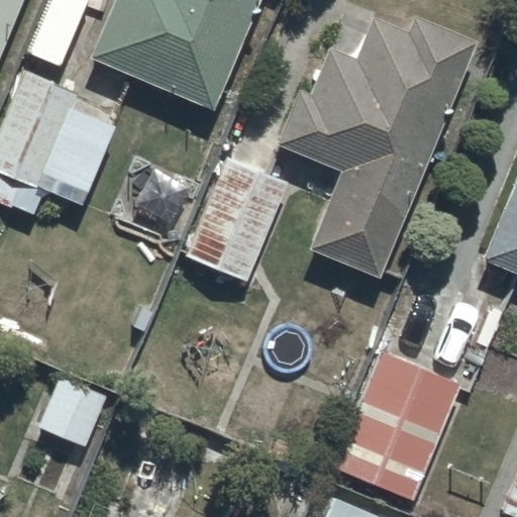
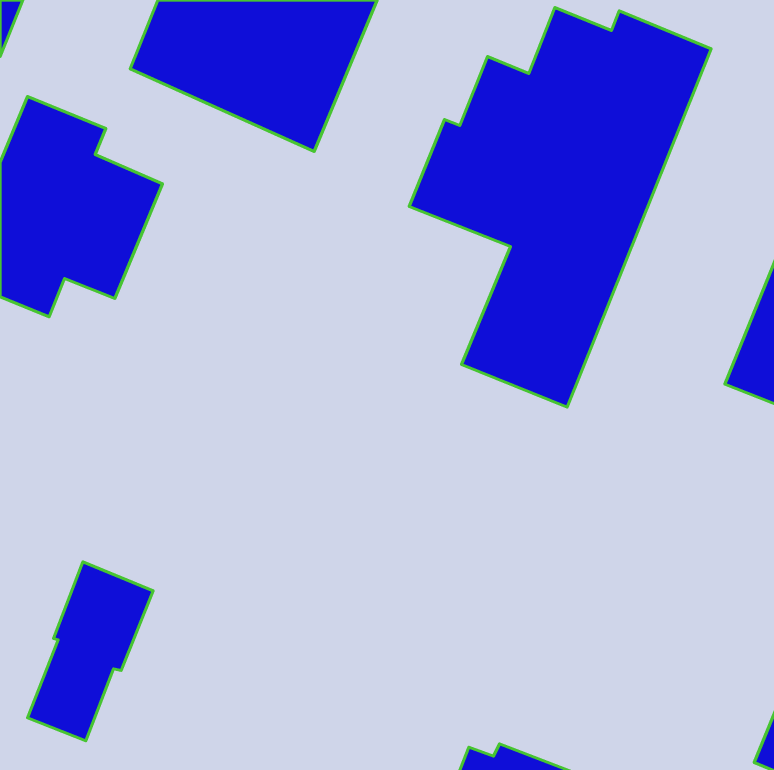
building: [187,158,289,283] -> none
building: [332,352,462,501] -> none

